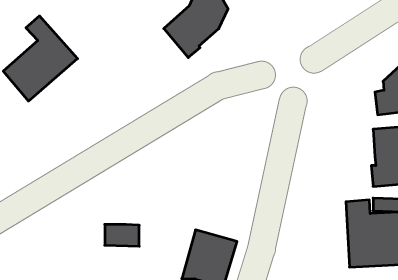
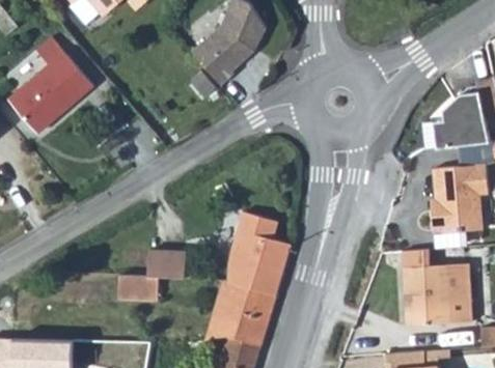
building: none -> [228,211,291,294]
building: none -> [148,249,187,277]

